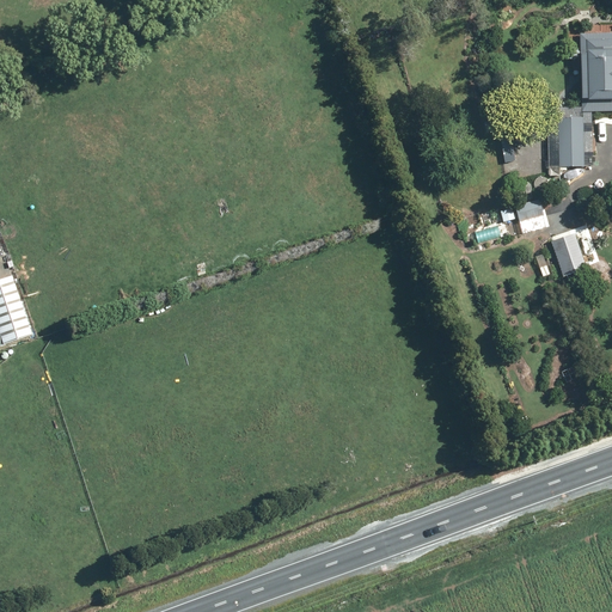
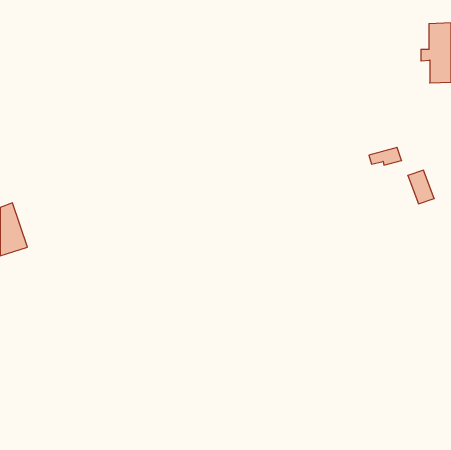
building: [547,117,585,176] -> none

